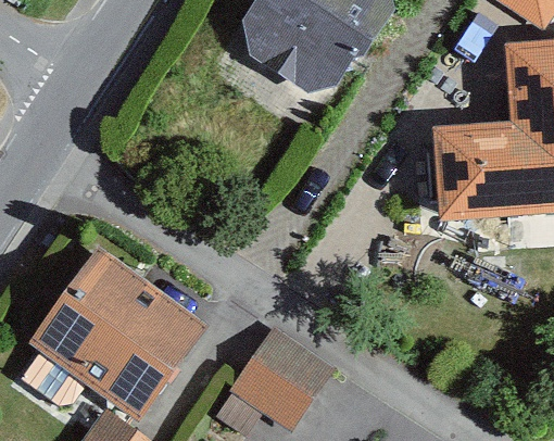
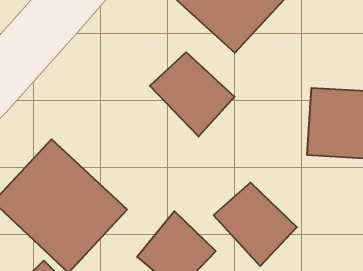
building: none -> [150,52,235,137]
building: none -> [214,183,297,266]

